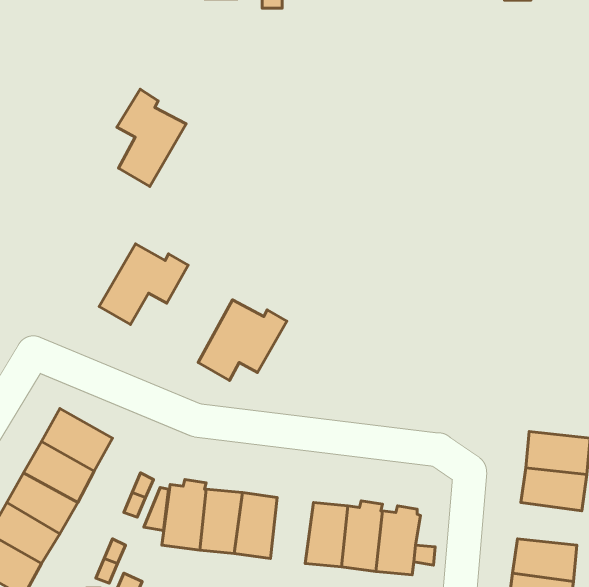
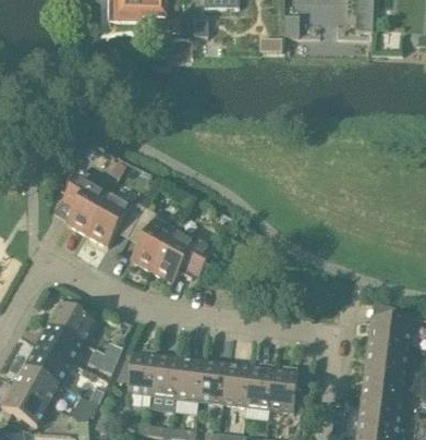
building: [117,89,186,186] -> [64,170,110,234]
building: none -> [130,207,174,271]
building: none -> [199,360,228,404]
building: none -> [363,364,405,392]

